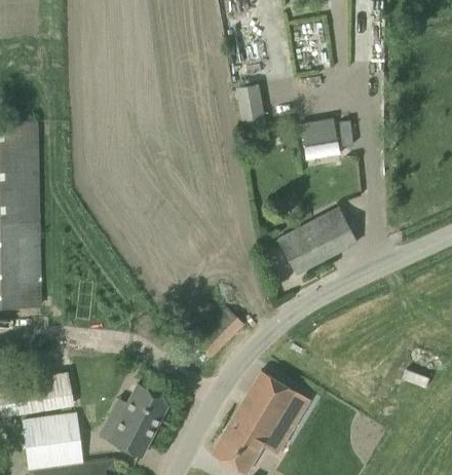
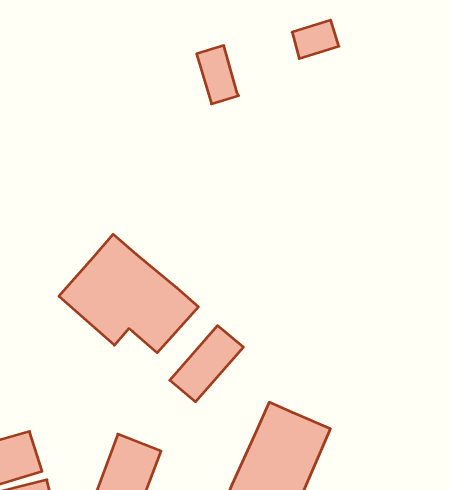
building: [300,119,336,147] -> [292,20,339,59]
building: [278,212,356,273] -> none
building: none -> [59,234,198,353]

